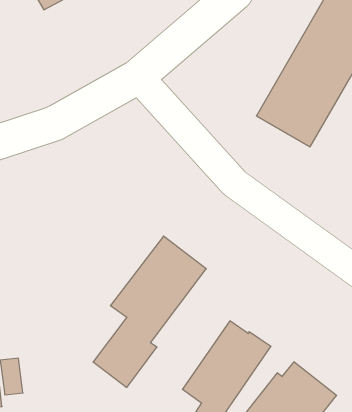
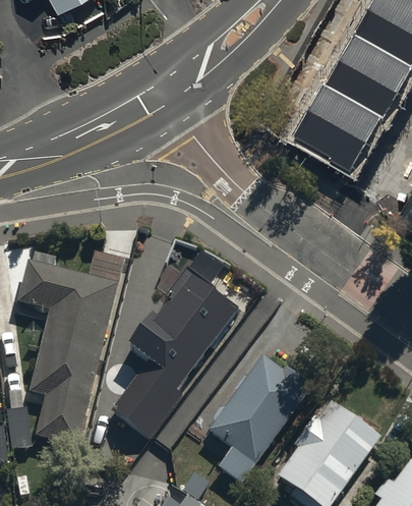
building: none -> [19,254,126,450]

